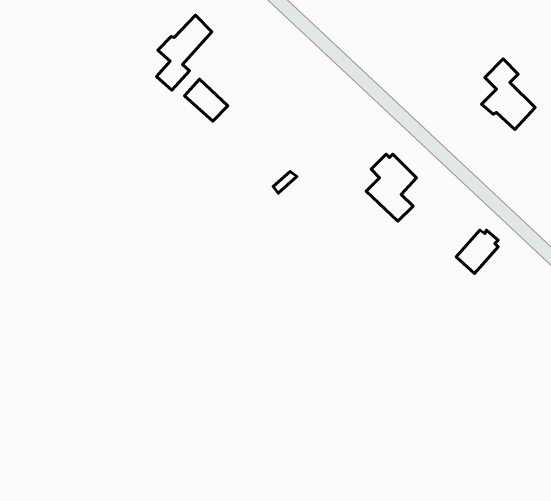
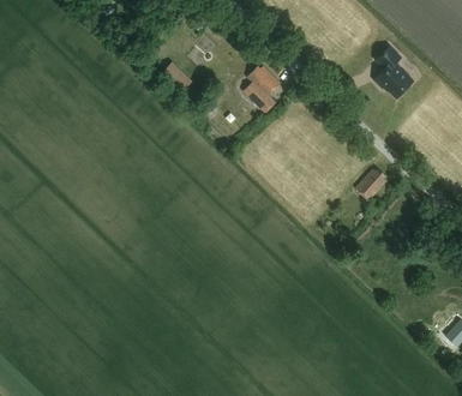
building: [157,15,212,90] -> none
building: [366,154,416,221] -> [245,66,281,114]

